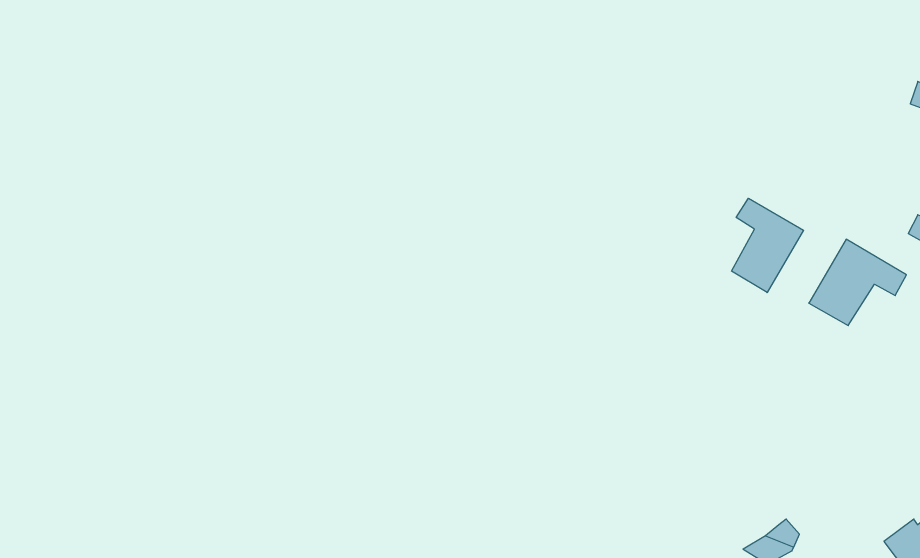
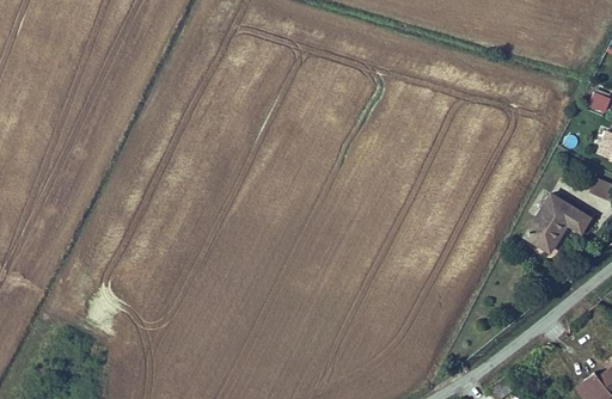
building: [732,198,804,293] -> none

